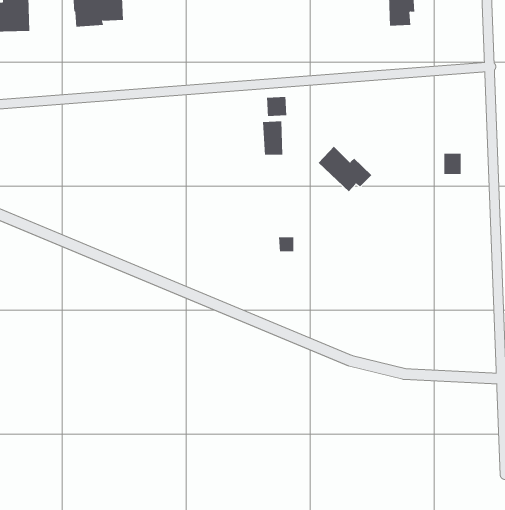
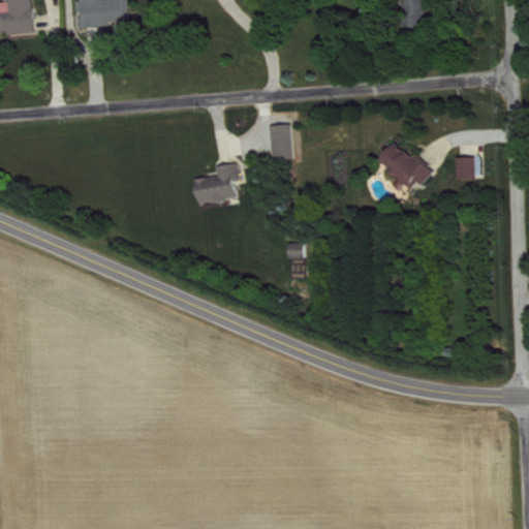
building: [267,96,287,117] -> none
building: [318,146,372,192] -> [377,142,433,189]
building: none -> [193,163,236,204]

